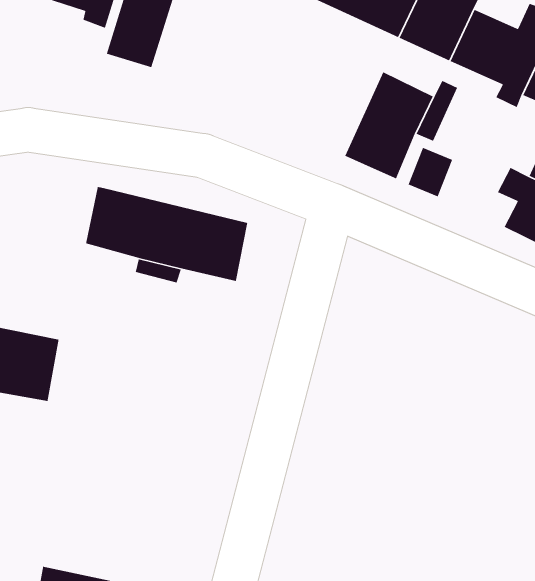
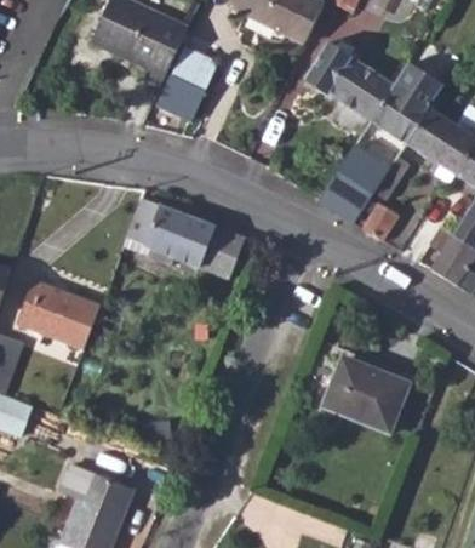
building: none -> [320,353,406,429]

